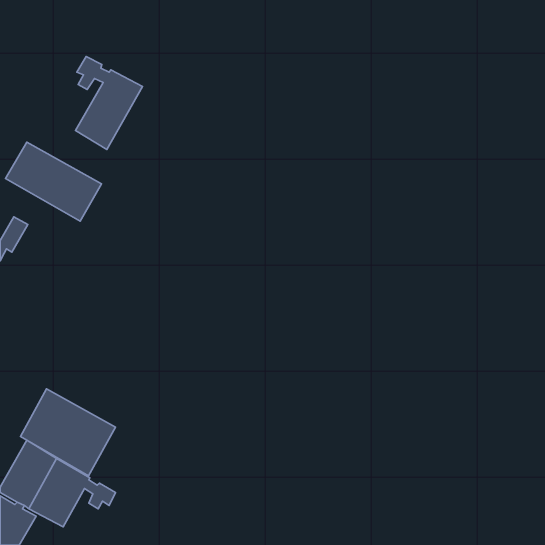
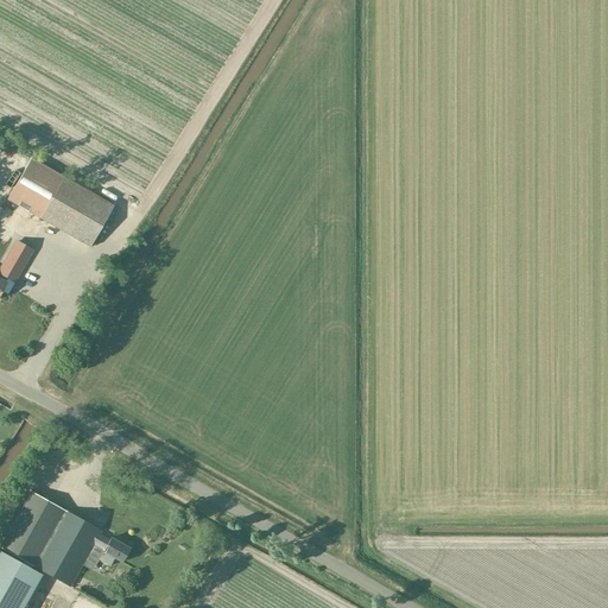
building: [76,57,143,149] -> none
building: [20,389,115,476] -> none

